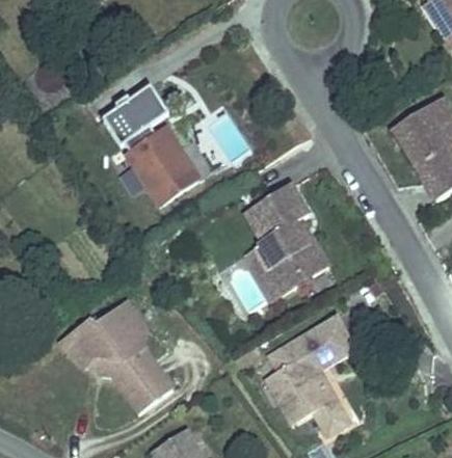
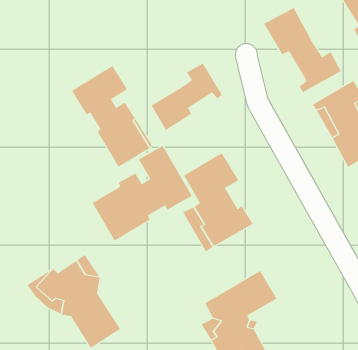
building: none -> [264,7,342,93]
building: none -> [151,63,223,131]
building: none -> [92,145,192,241]

